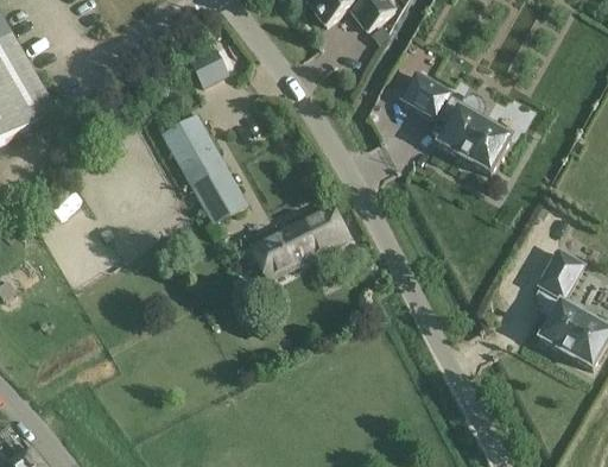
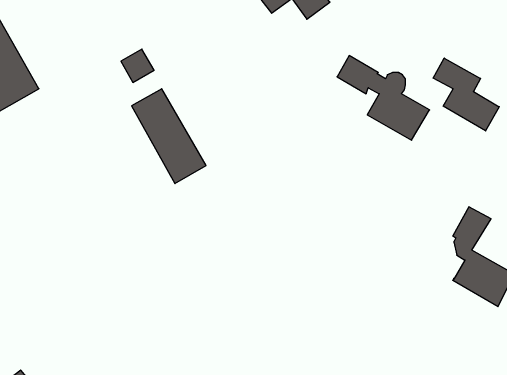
building: [186,45,226,84] -> [121,49,154,82]
building: none -> [433,58,499,131]
building: [251,207,344,277] -> none

